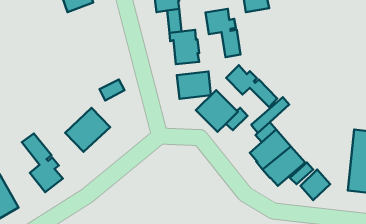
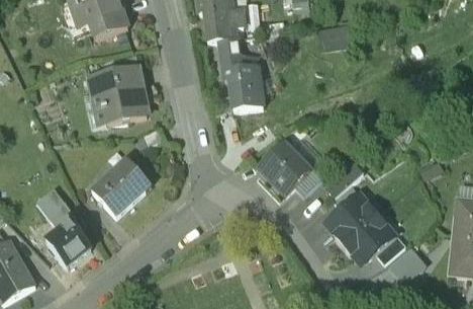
building: [205,9,240,57] -> none
building: none -> [88,68,148,128]
building: [226,65,277,107] -> none
building: [177,71,211,99] -> none

